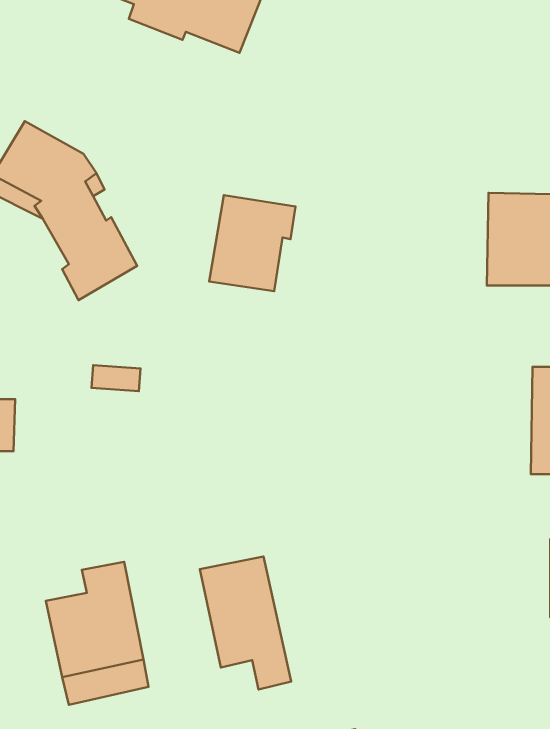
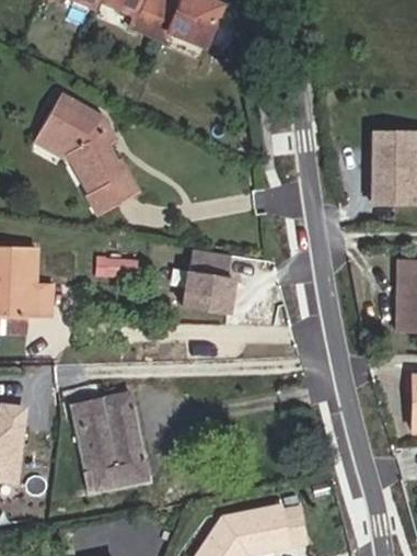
building: [209,195,295,291] -> [173,247,231,311]
building: [200,556,291,690] -> none

